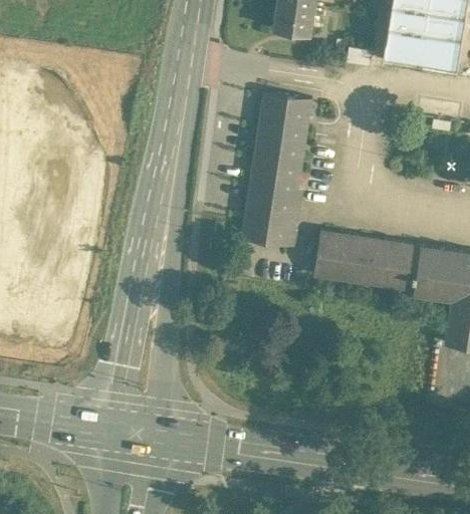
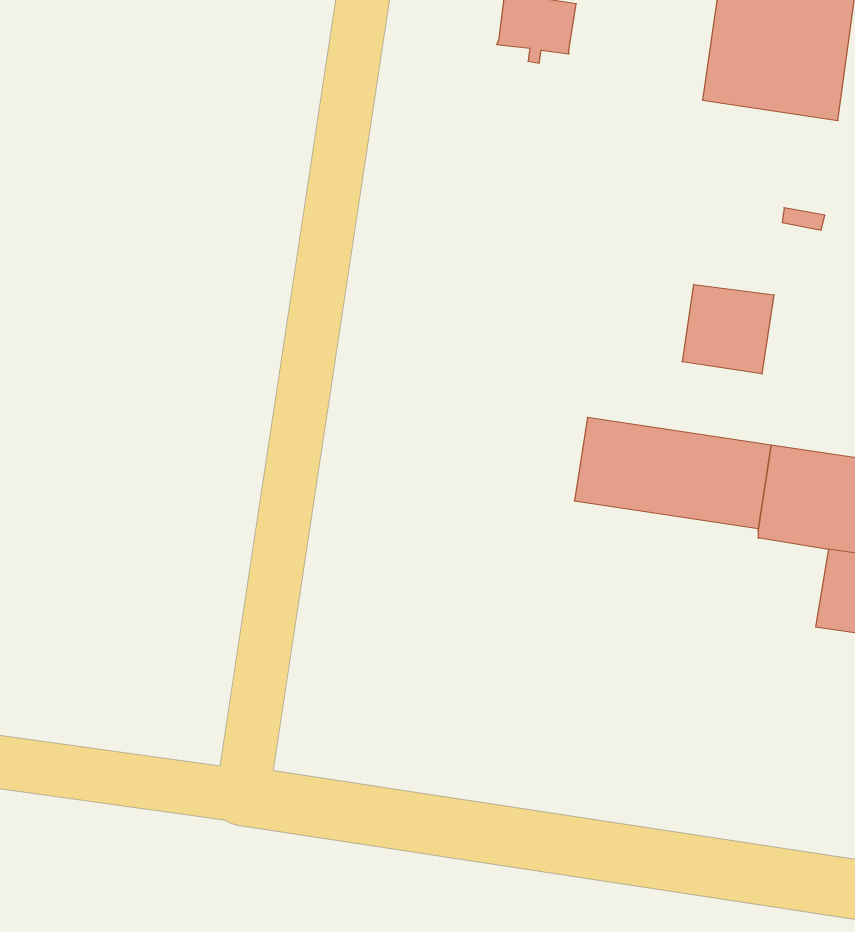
building: [241,91,312,246] -> none
building: none -> [682,284,774,374]

